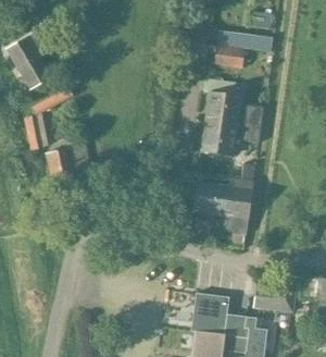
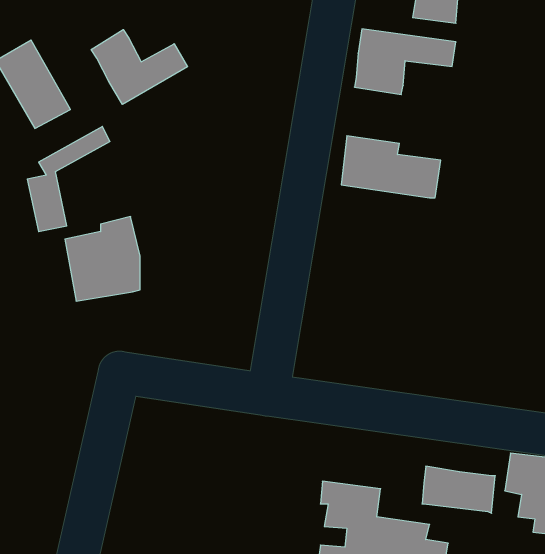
building: none -> [91,30,188,104]
building: [202,121,261,155] -> none
building: [193,163,255,248] -> none

